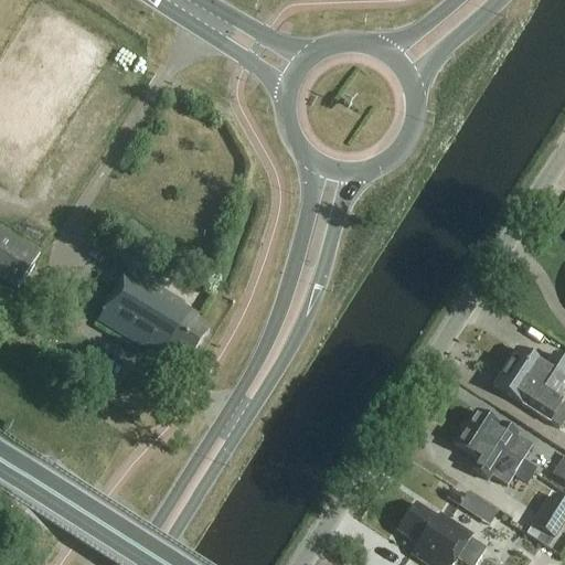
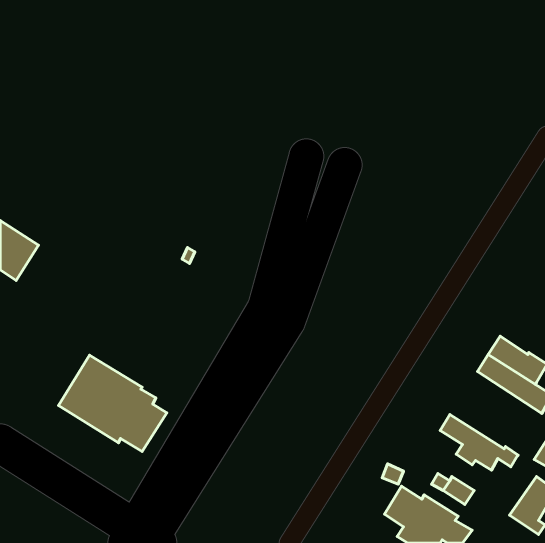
building: [100,267,212,366] -> [59,355,167,451]
building: [466,409,533,462] -> none

